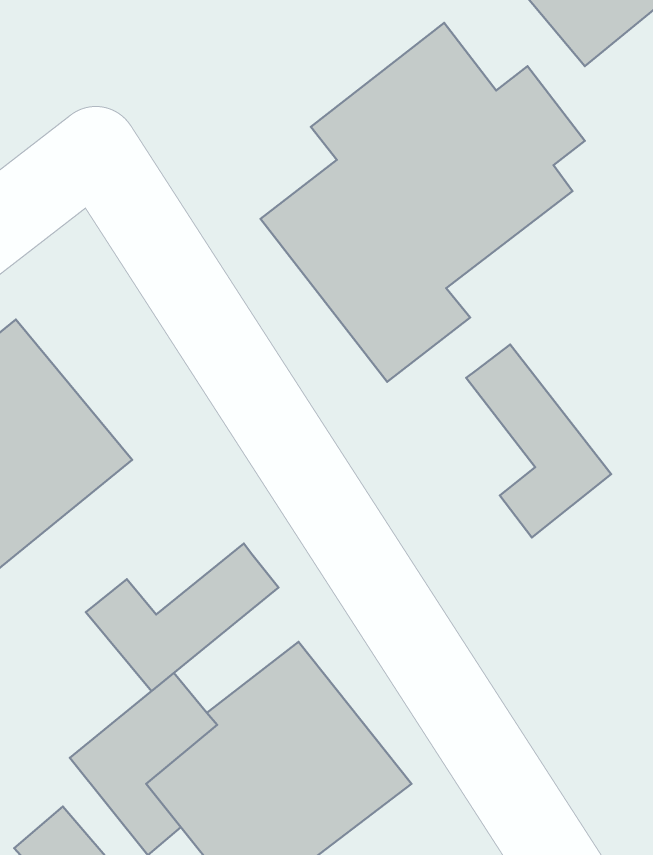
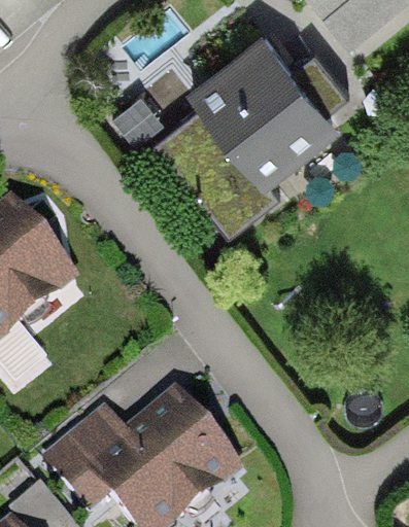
building: [466,345,611,538] -> none
building: [86,544,279,691] -> none

